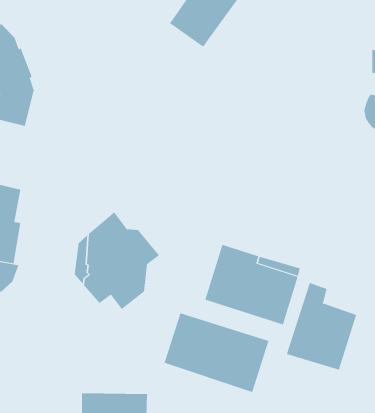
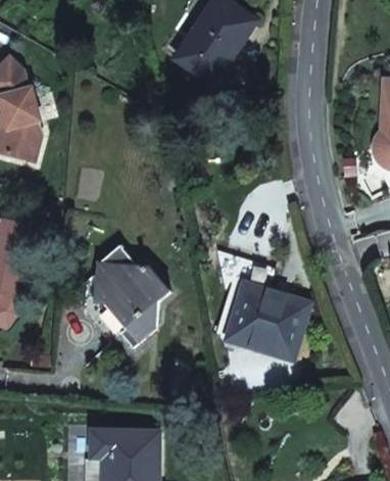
building: [286,282,357,370] -> none
building: [164,313,269,393] -> none

